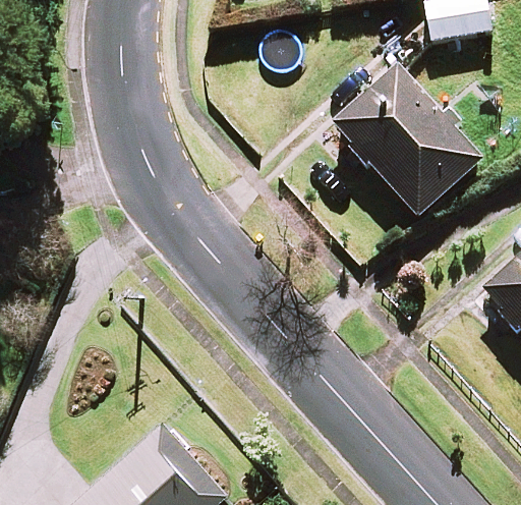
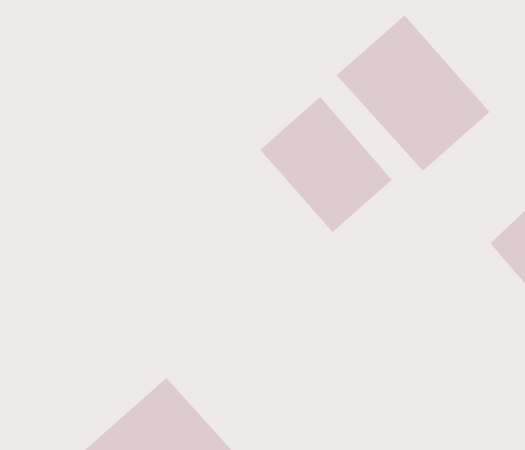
building: none -> [259,96,392,233]

